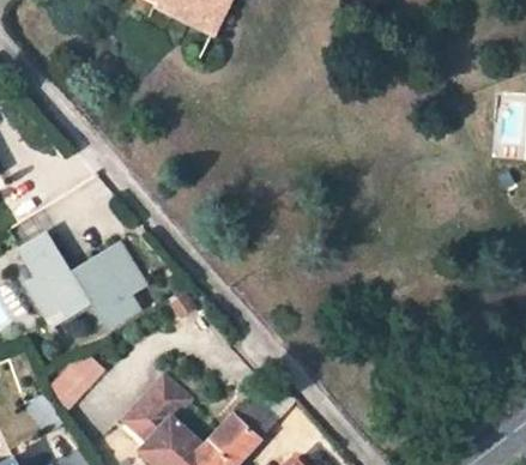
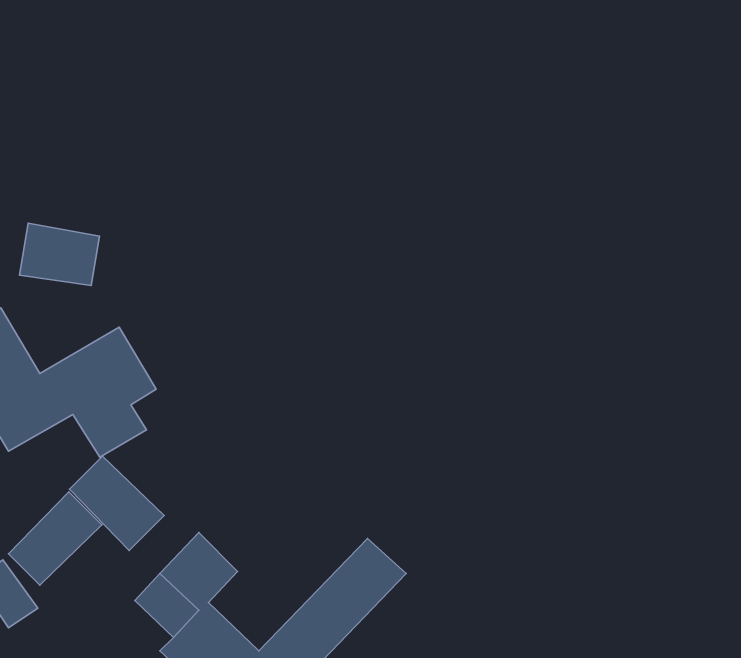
building: none -> [20,223,99,285]
building: none -> [70,456,164,551]

